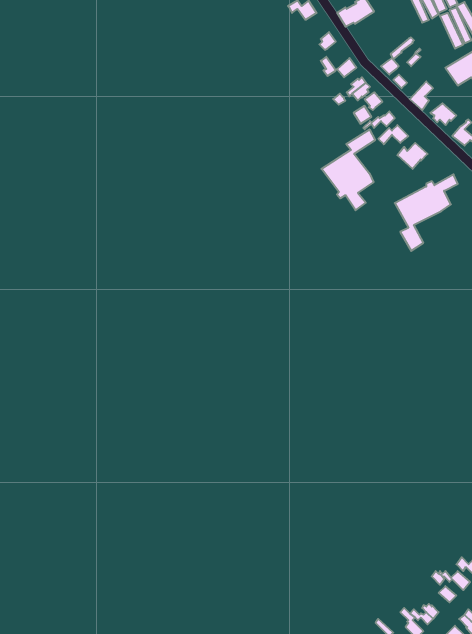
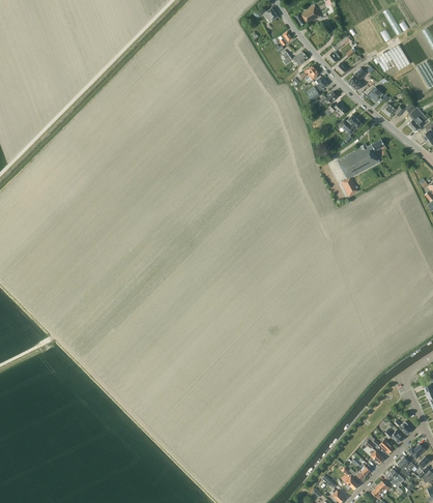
building: [321,129,375,210] -> none

